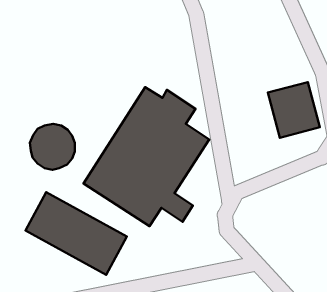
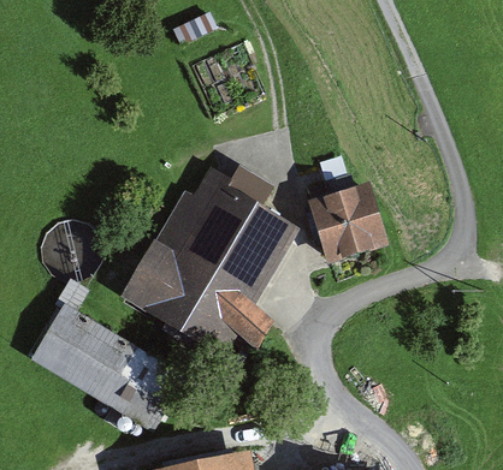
building: [268,82,320,138] -> [312,183,384,260]

